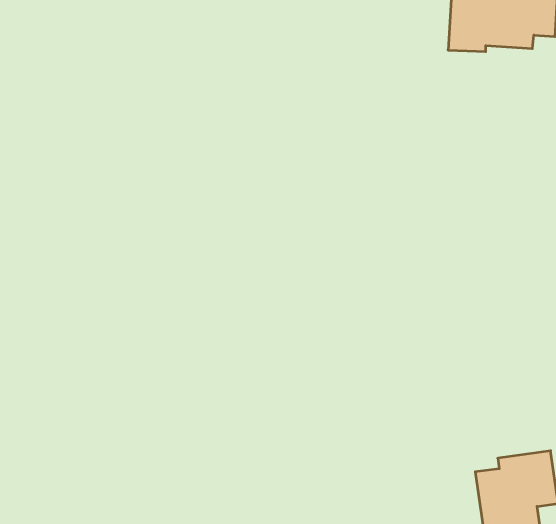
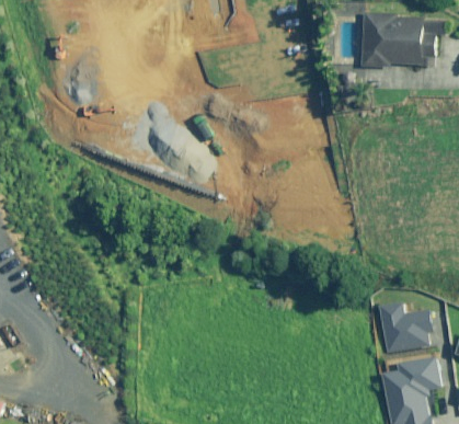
building: none -> [376,305,427,352]

